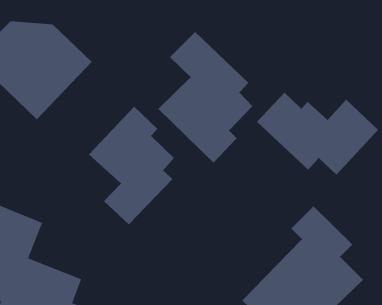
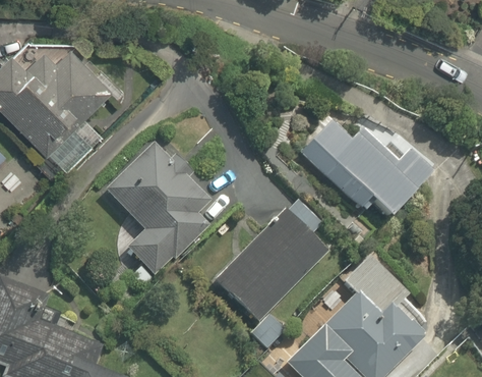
building: [157,31,253,163] -> none
building: none -> [216,210,328,326]

